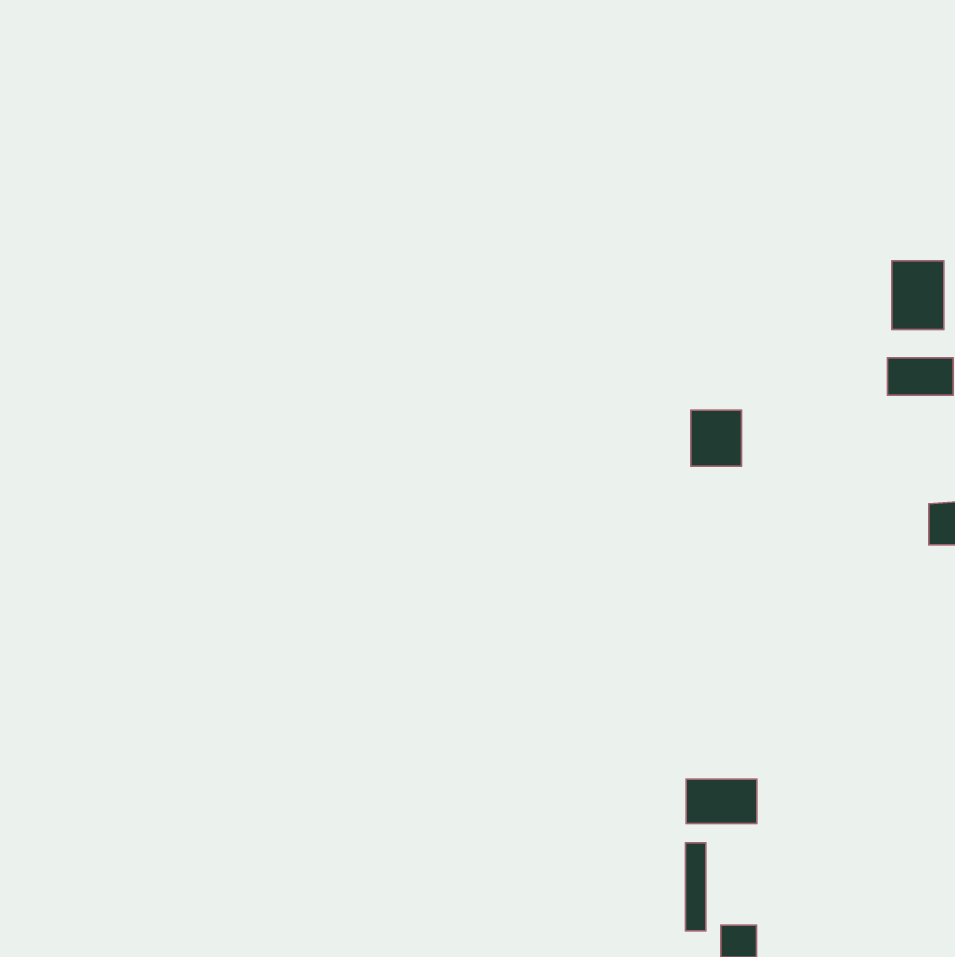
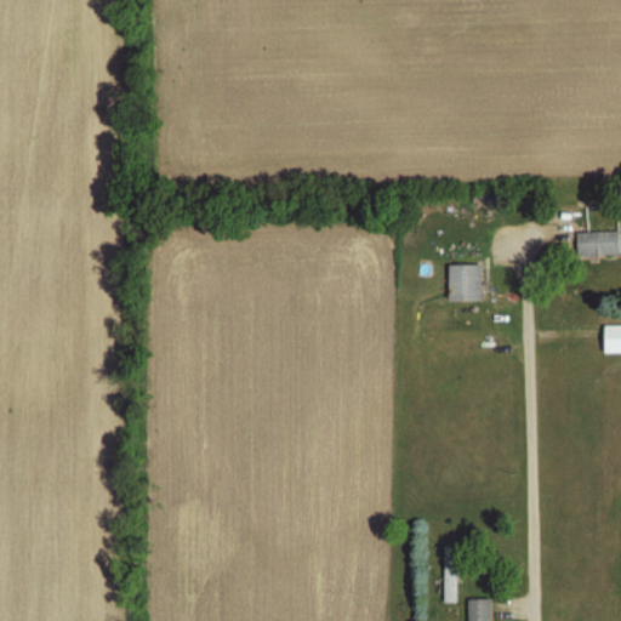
building: [892,261,944,330] -> none
building: [686,779,757,823] -> none

